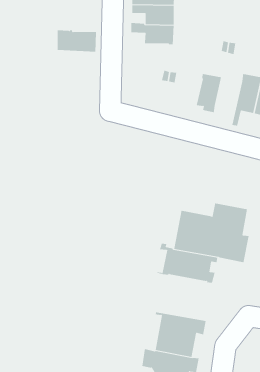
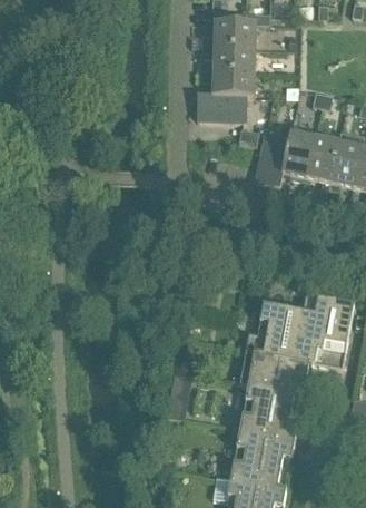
building: [57,30,97,52] -> [197,94,247,121]
building: none -> [255,134,289,187]
building: none -> [306,137,338,197]
building: none -> [231,383,297,441]

